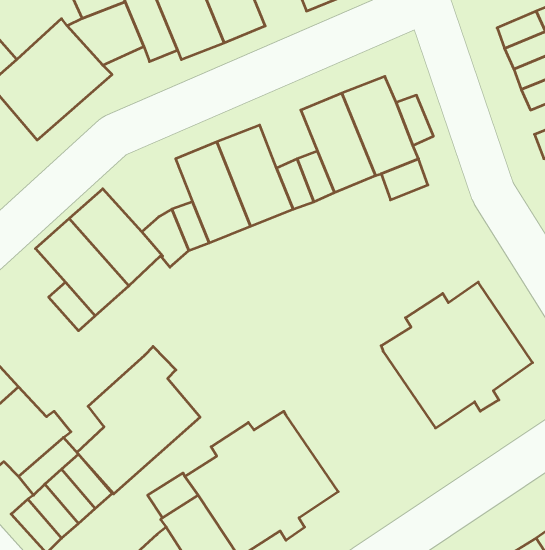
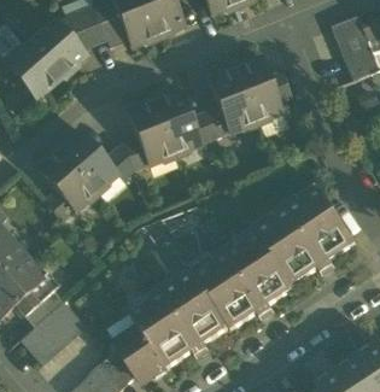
building: [77,346,200,494] -> none
building: none -> [198,235,296,329]

